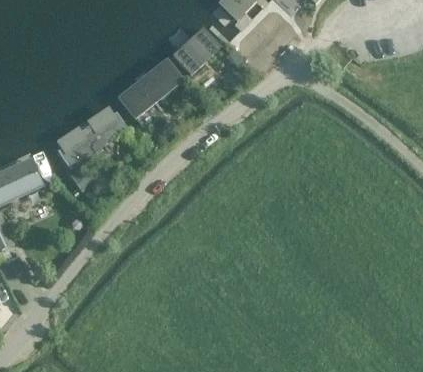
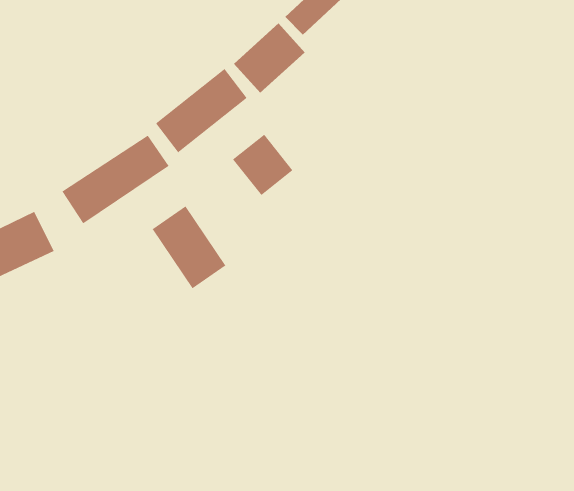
building: none -> [232,134,293,196]
building: none -> [152,206,226,289]

